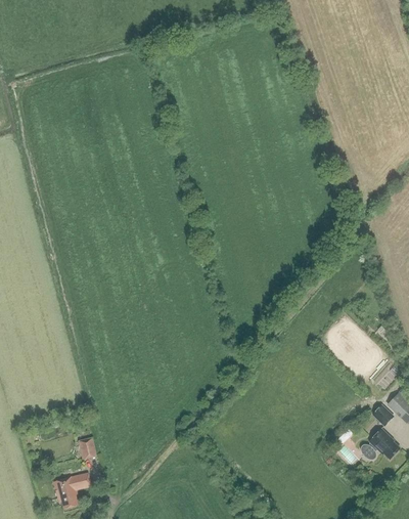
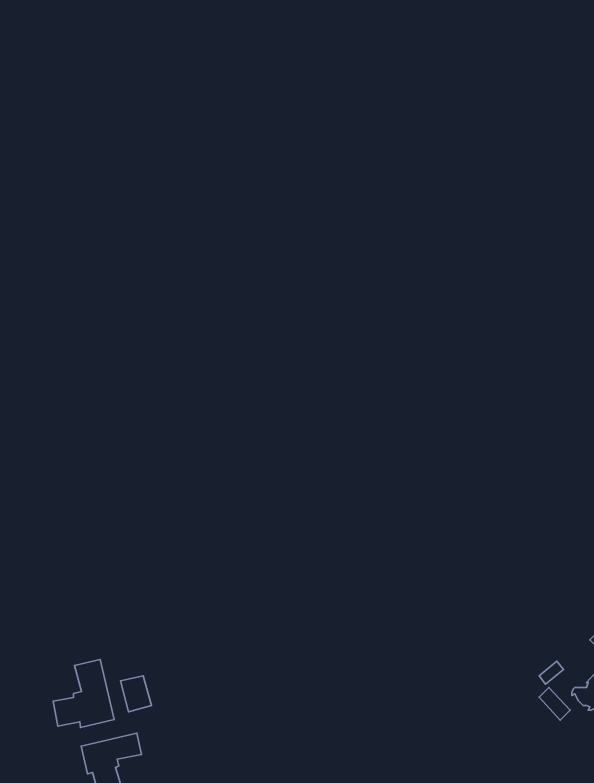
building: none -> [53,659,114,727]

